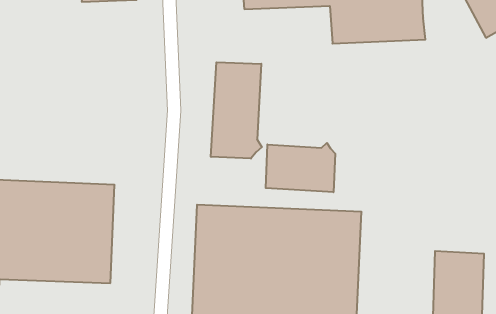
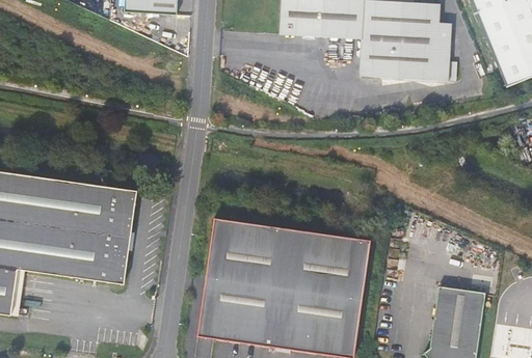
building: [211,62,262,159] -> none
building: [266,143,335,192] -> none

